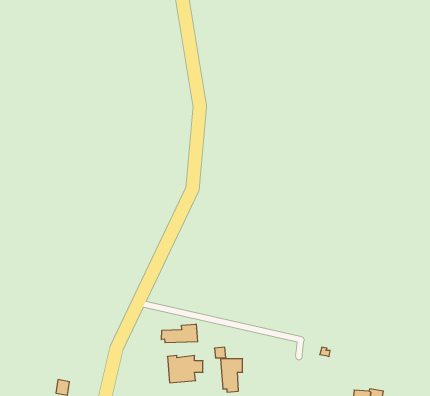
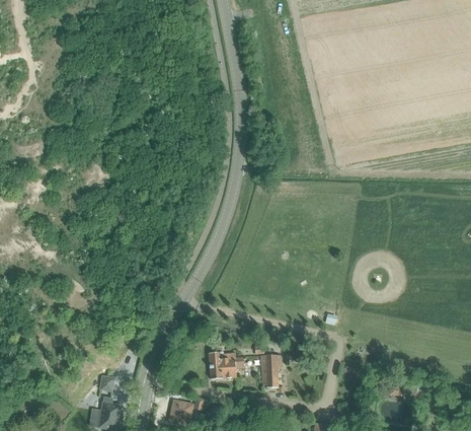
building: [161,324,198,343] -> none

